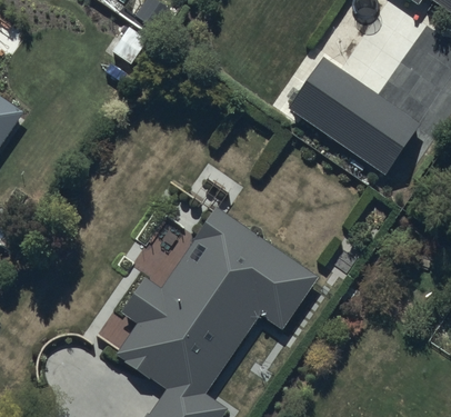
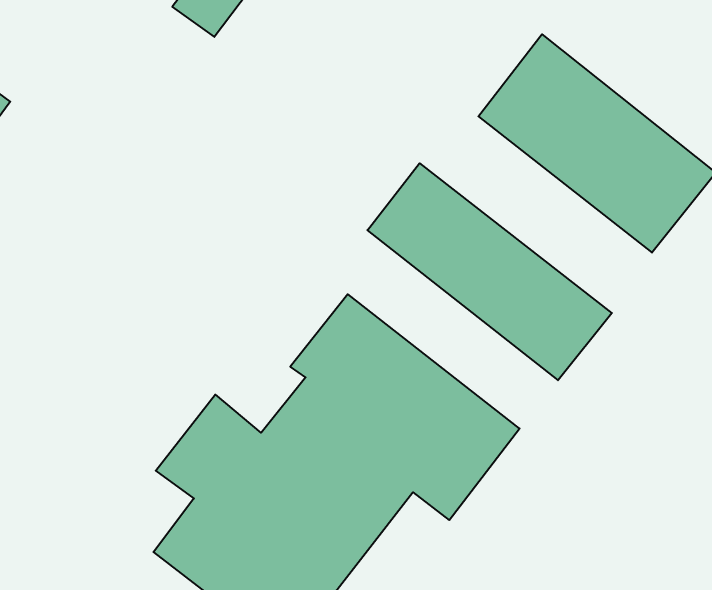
building: none -> [367,163,612,380]

